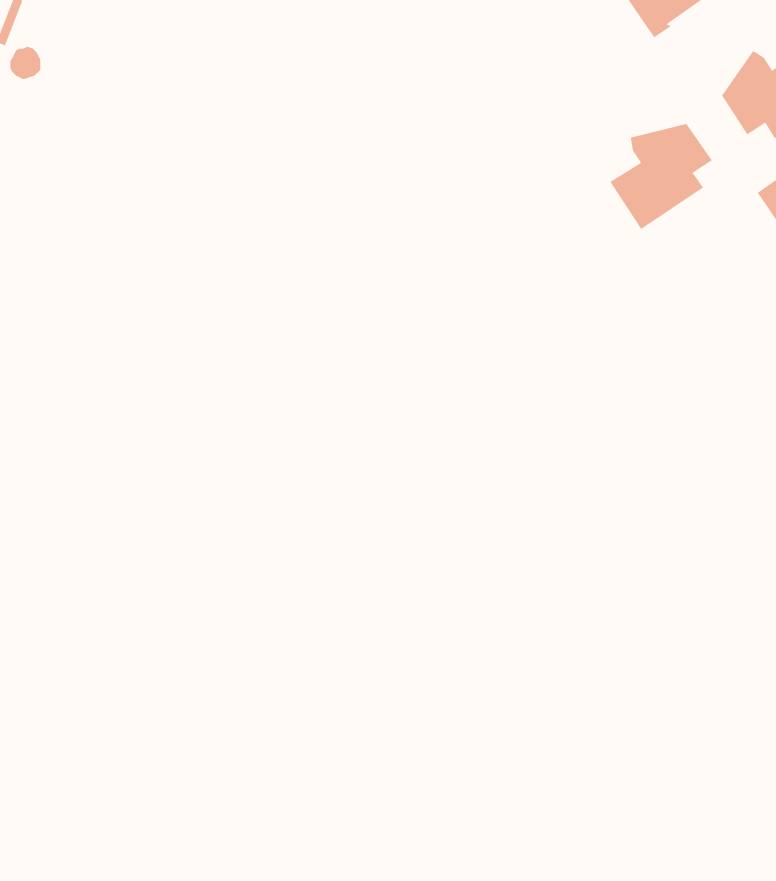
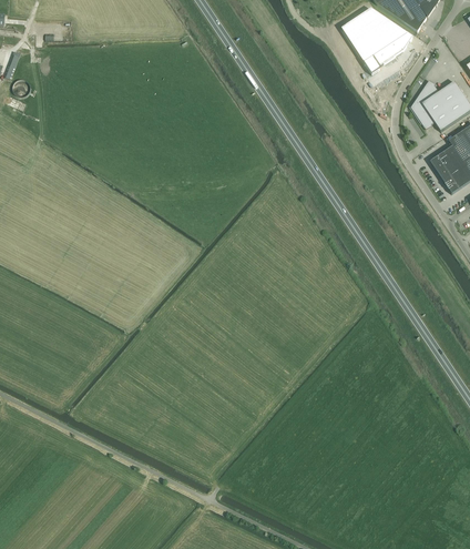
building: [609,123,712,230] -> none

